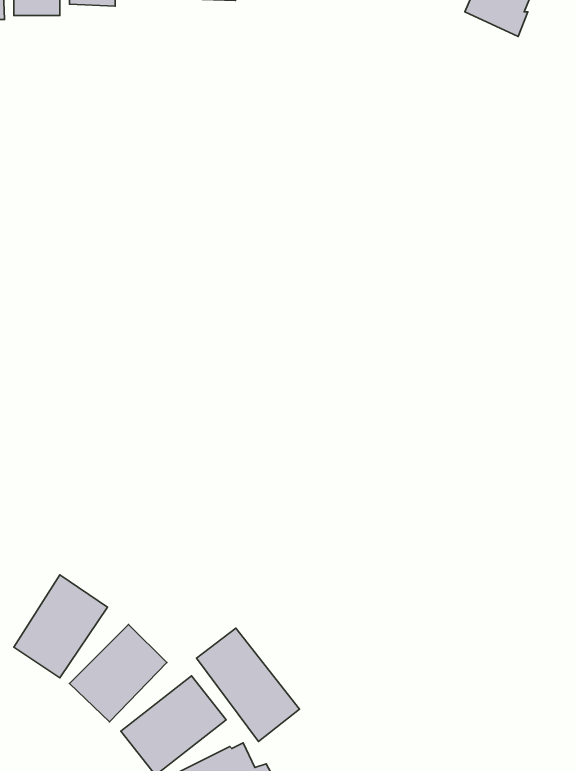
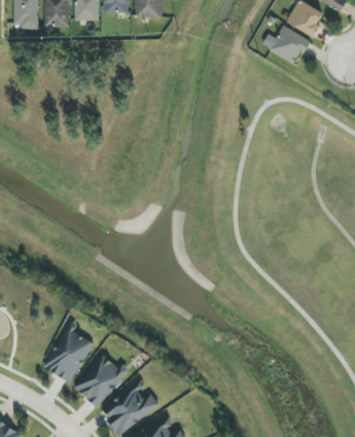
building: none -> [261,27,310,64]
building: [196,628,299,741] -> none

